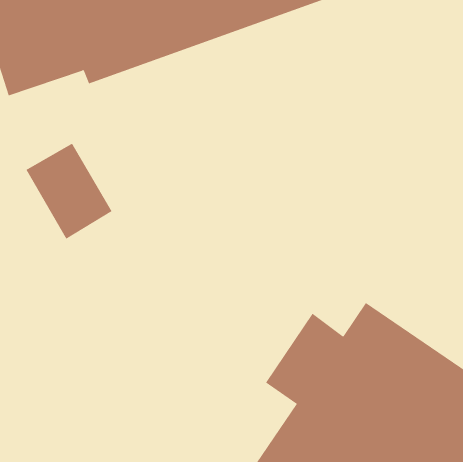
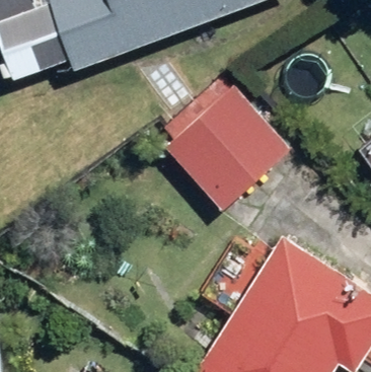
building: none -> [156,74,292,211]

